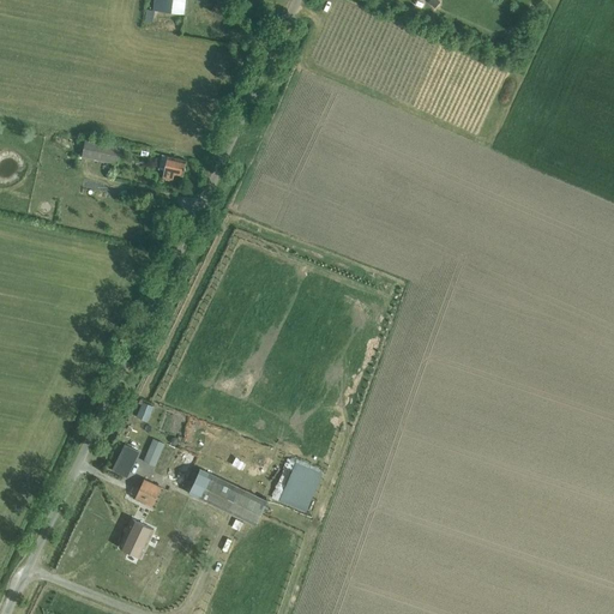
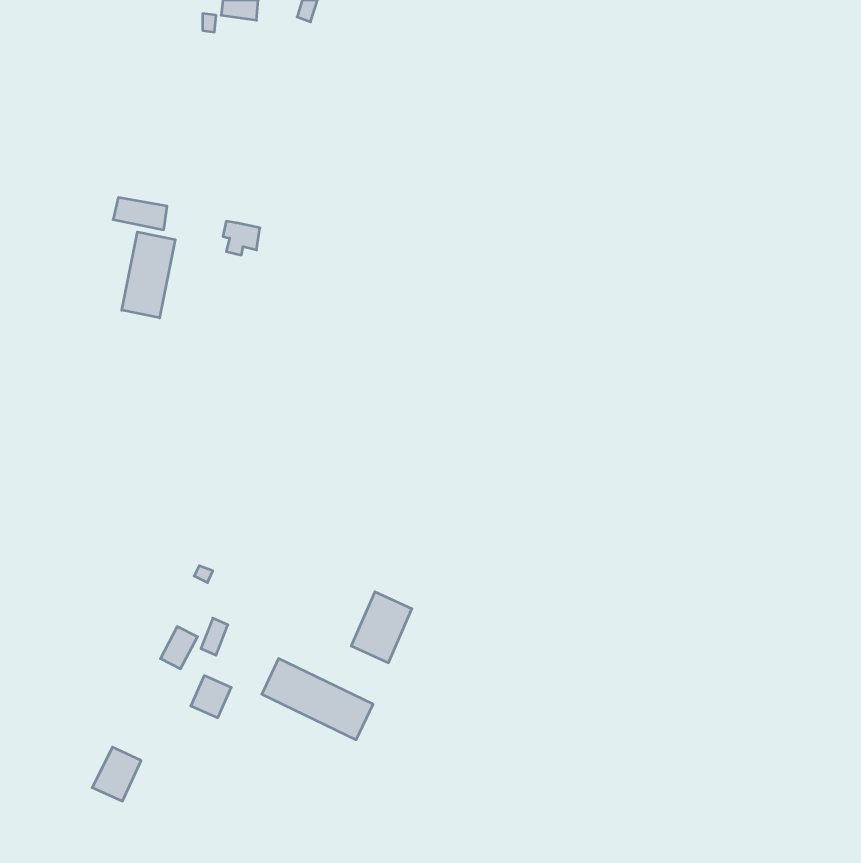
building: none -> [122,232,175,318]
building: [277,464,320,514] -> [351,592,412,663]
building: [118,519,152,558] -> [92,747,141,801]

